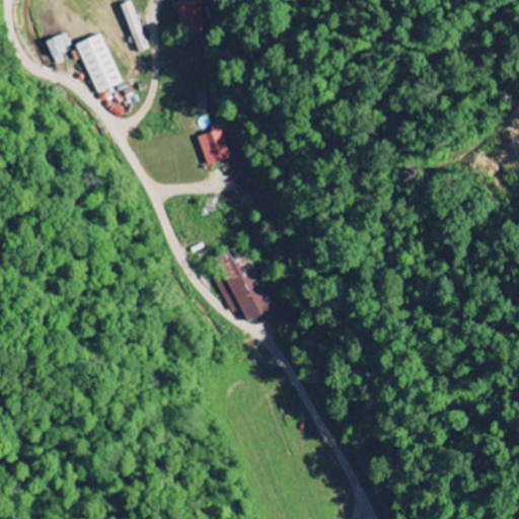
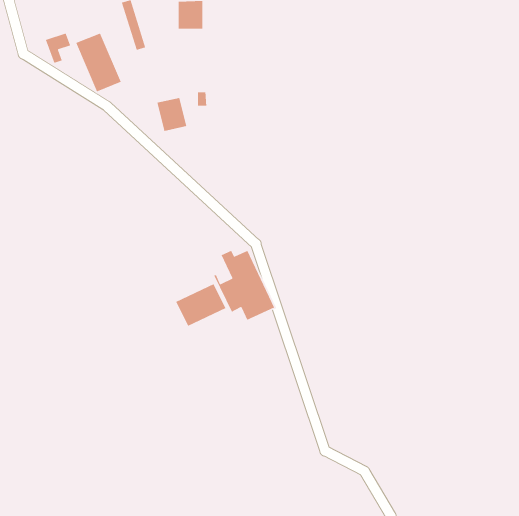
building: [198,129,228,163] -> [157,97,187,132]
building: none -> [175,283,226,327]

